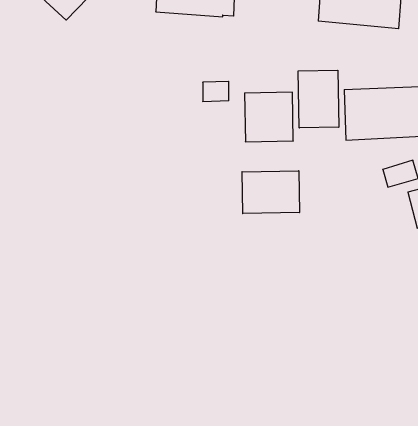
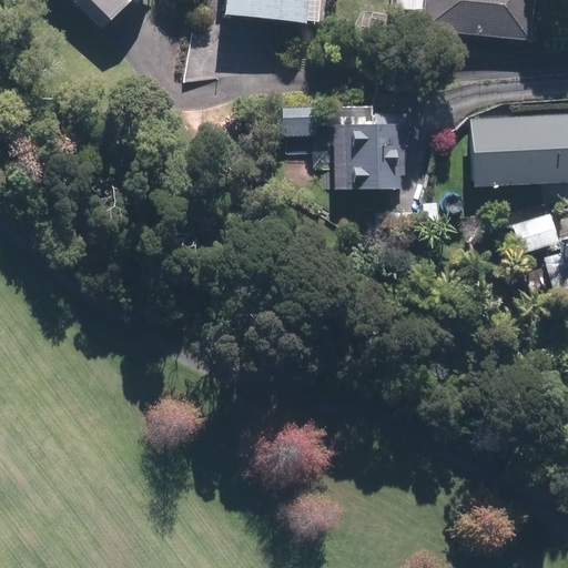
building: [298,70,339,128] -> none
building: [242,171,299,214] -> none

